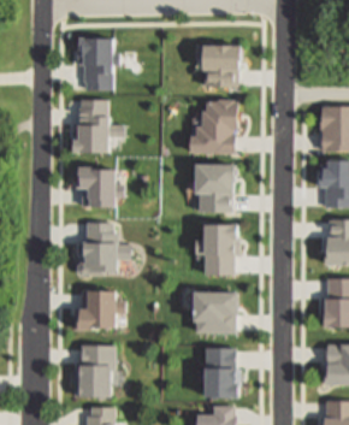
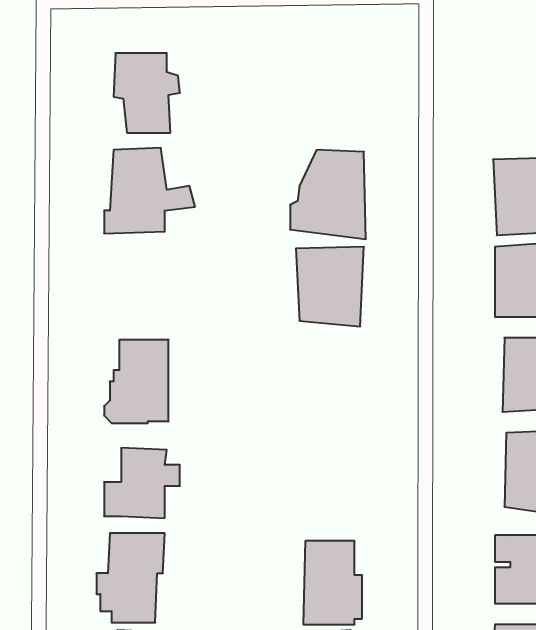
building: [194,43,242,90] -> none
building: [73,164,112,205] -> none
building: [206,225,239,276] -> none
building: [194,291,243,335] -> none

